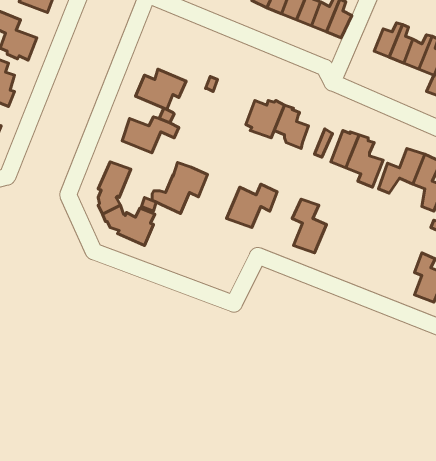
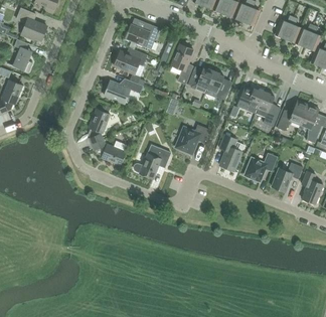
building: none -> [124,23,159,49]
building: none -> [170,44,192,80]
building: [152,163,207,213] -> [133,145,170,179]
building: none -> [243,153,277,182]
building: none -> [271,163,302,192]

